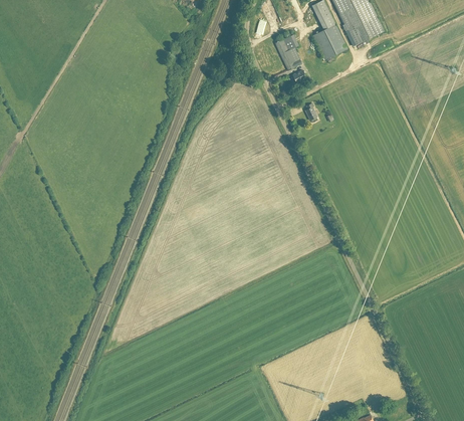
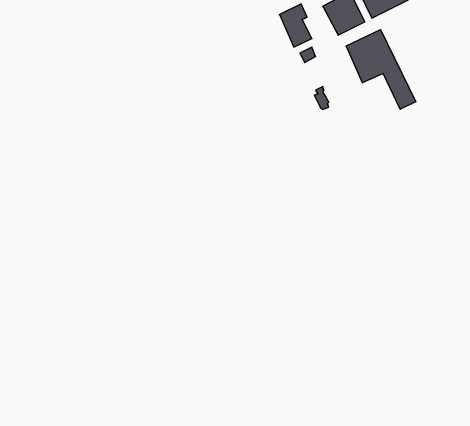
building: none -> [346,30,416,109]

